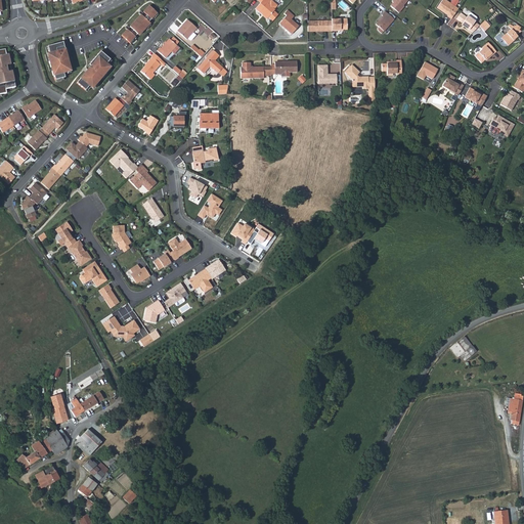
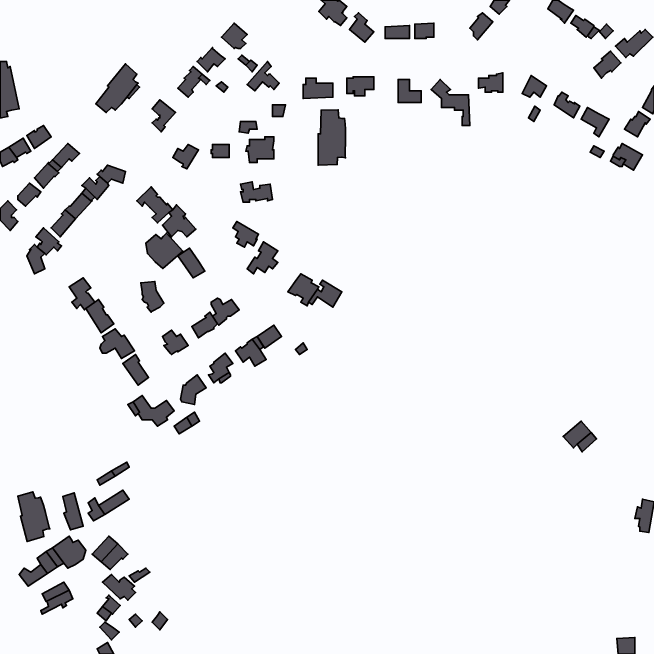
building: [122,5,157,44] -> none
building: [47,42,71,80] -> none
building: none -> [318,110,346,165]
building: none -> [146,233,183,268]
building: none -> [18,492,50,542]

